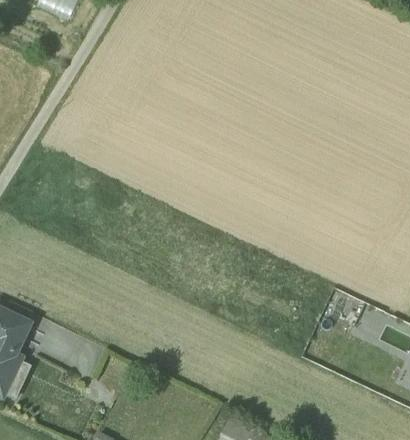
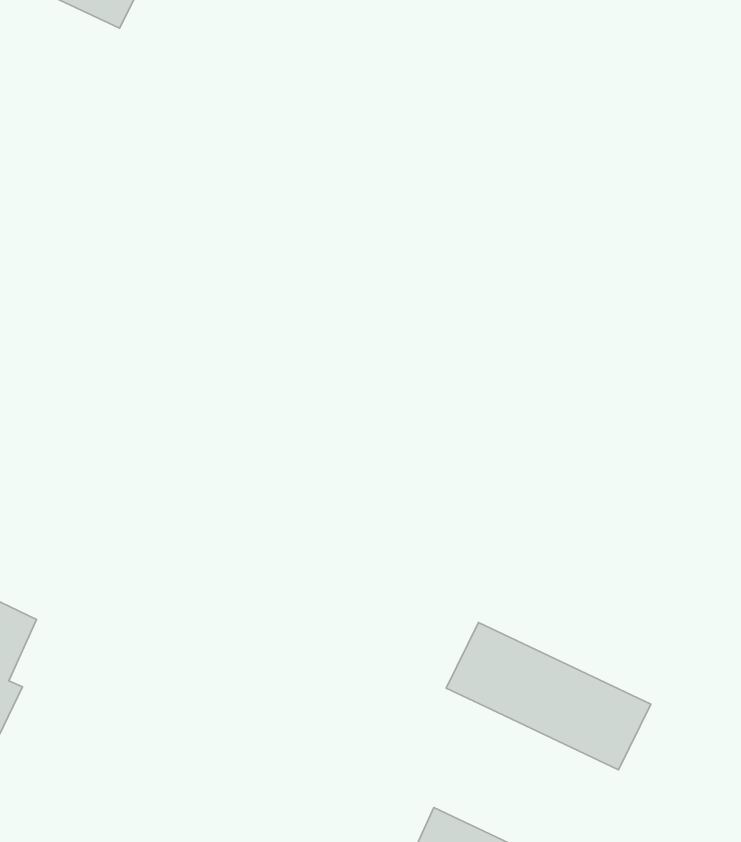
building: none -> [446,622,651,770]

